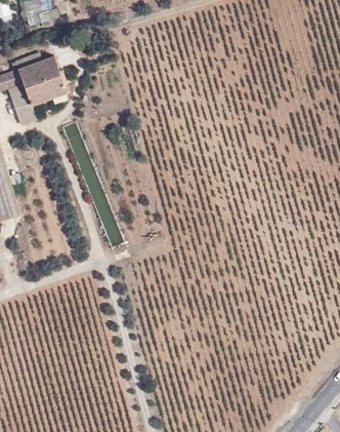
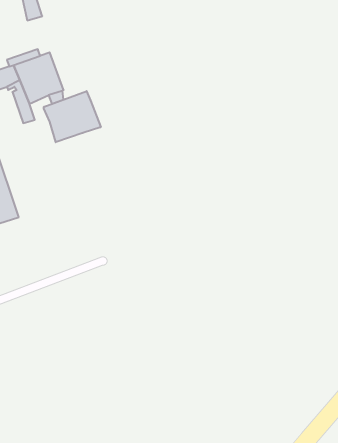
building: none -> [44,91,101,142]

